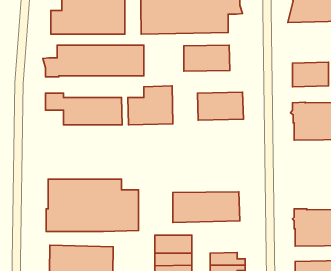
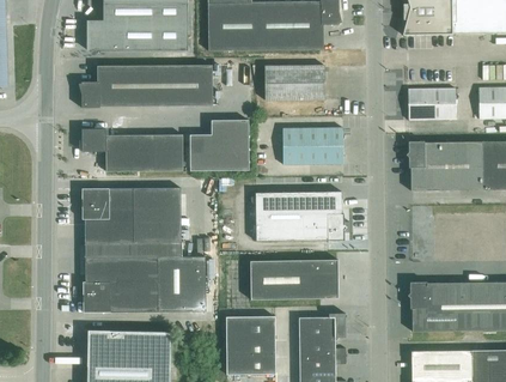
building: none -> [81,187,182,242]
building: none -> [255,190,346,241]
building: none -> [299,313,346,340]

